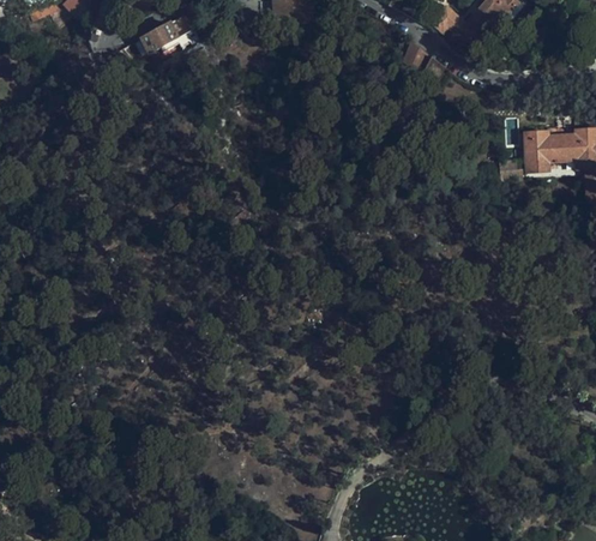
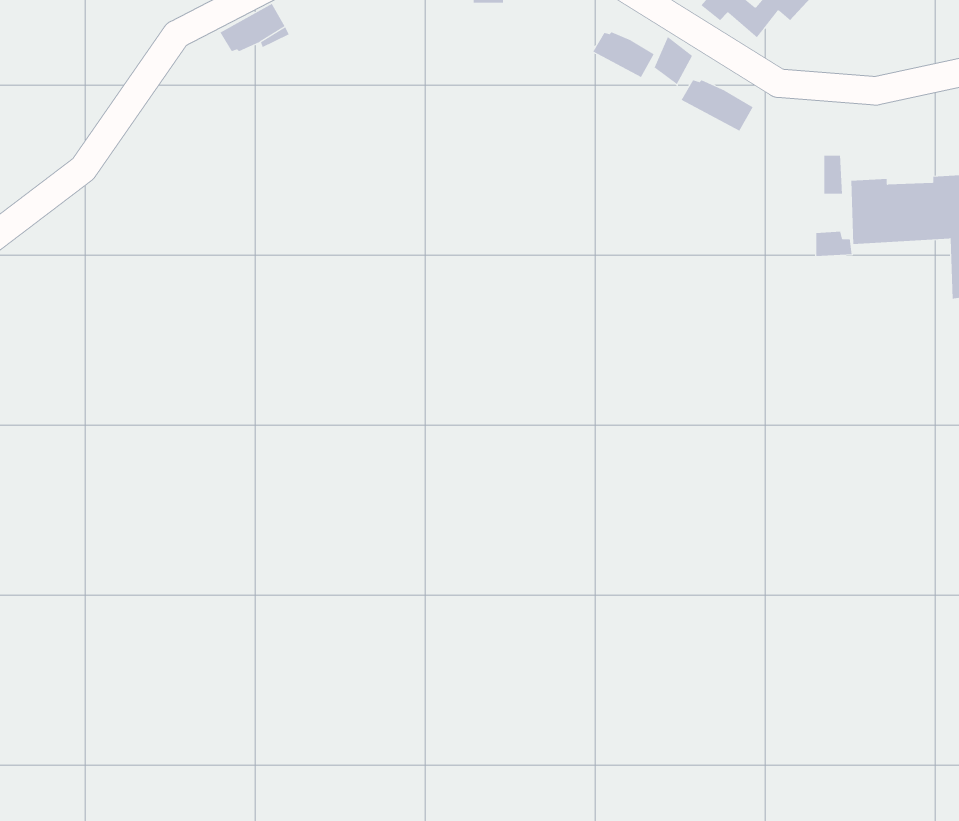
building: none -> [593,32,655,78]
building: none -> [681,80,754,132]

